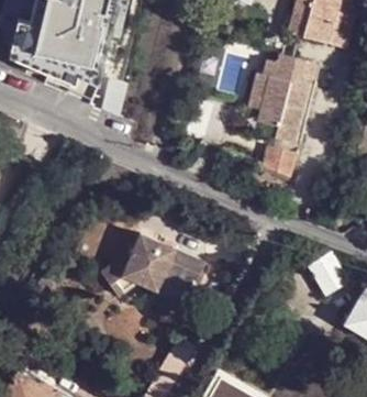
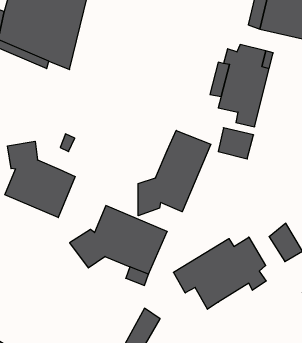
building: none -> [138,130,211,216]
building: none -> [5,141,75,218]
building: none -> [173,237,266,309]

